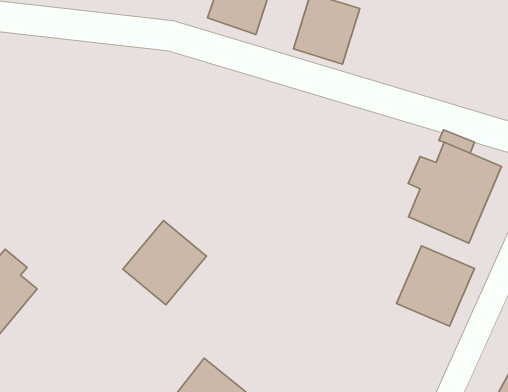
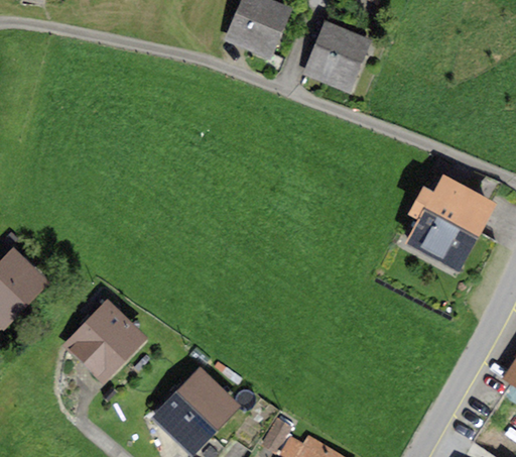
building: [123,220,207,305] -> [63,301,145,382]
building: [396,246,475,326] -> none

